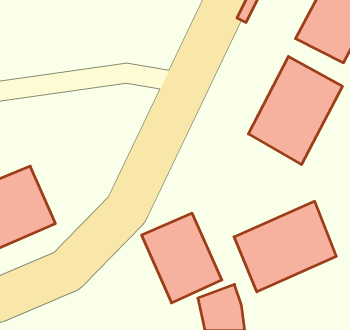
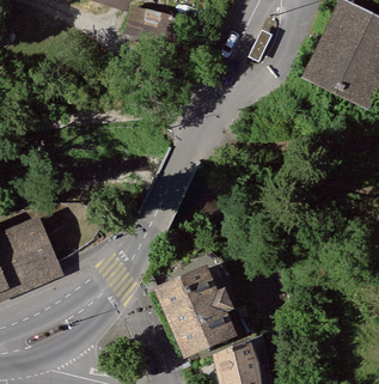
building: [248,56,342,165] -> none
building: [234,201,336,292] -> none

